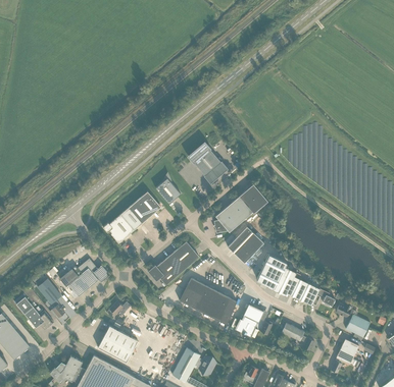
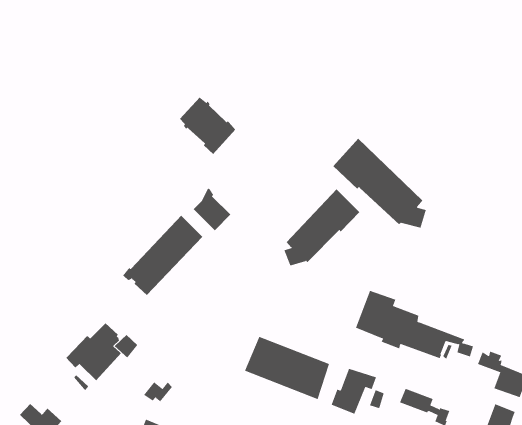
building: [189,144,227,183] -> [179,97,236,155]
building: none -> [332,138,427,229]
building: [228,227,263,263] -> none
building: [148,241,199,285] -> none
building: [38,279,64,318] -> none

